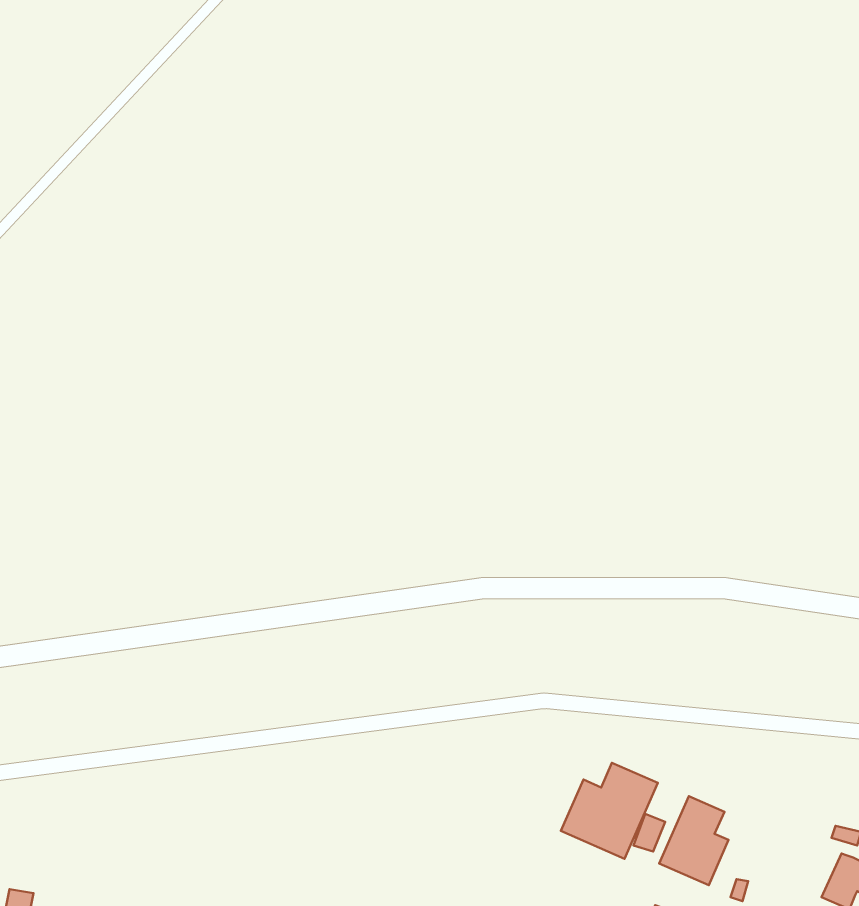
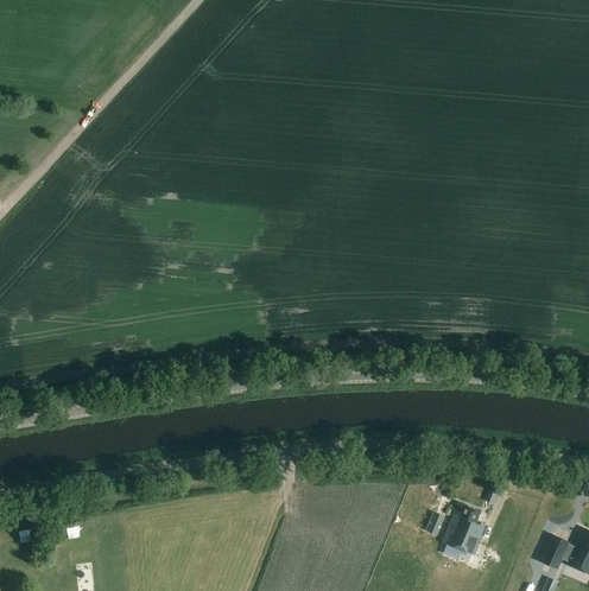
building: [561,763,658,859] -> none

